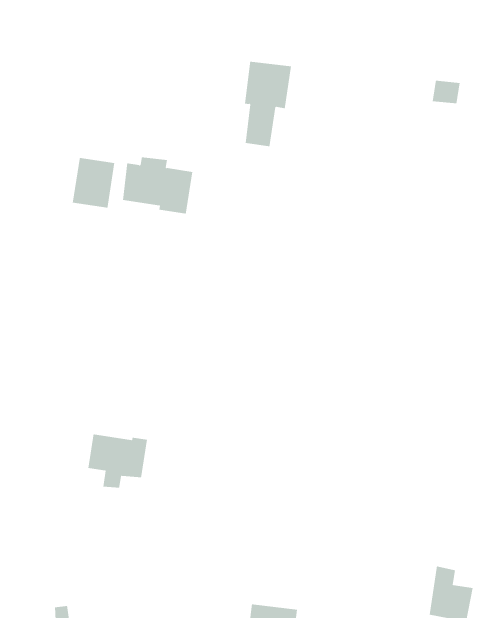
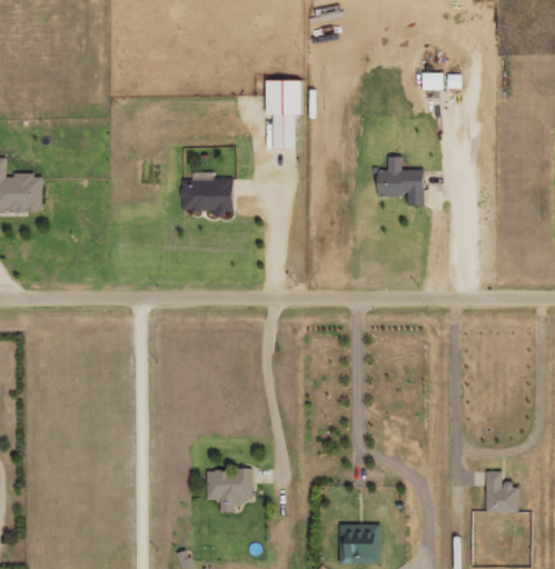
building: [72,157,115,209] -> none
building: none -> [378,156,425,204]
building: [88,434,148,488] -> [206,468,251,512]

